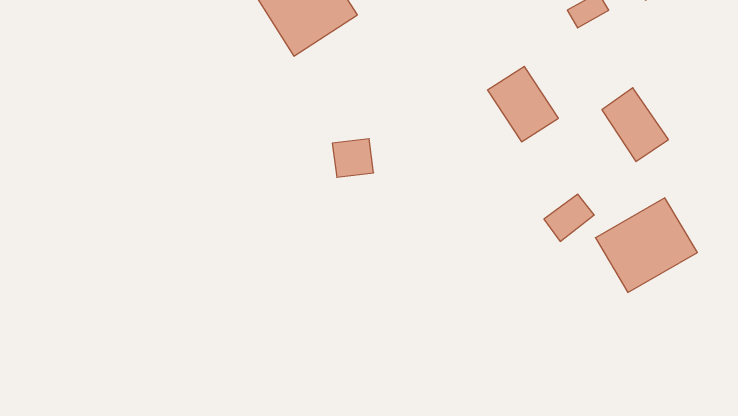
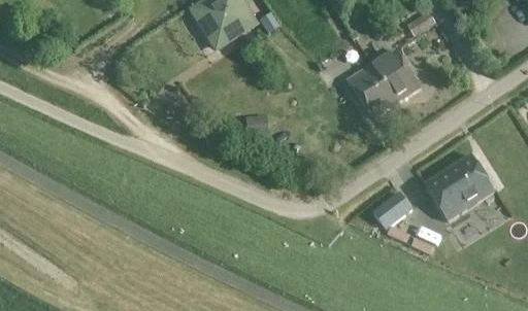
building: [602,88,668,162] -> [375,46,422,98]
building: [544,194,594,241] -> [376,191,411,223]

